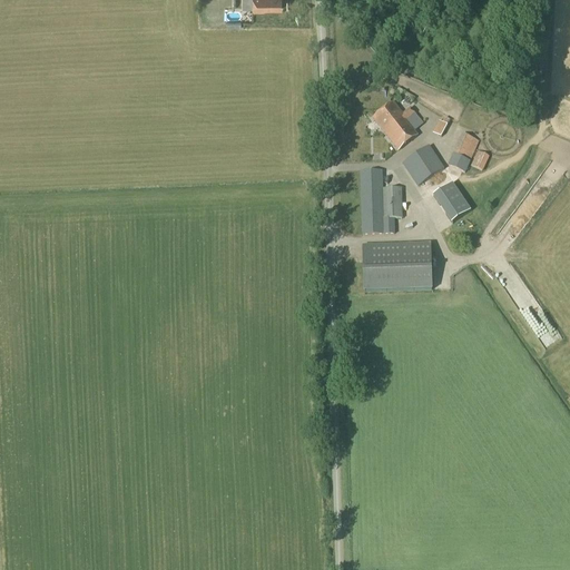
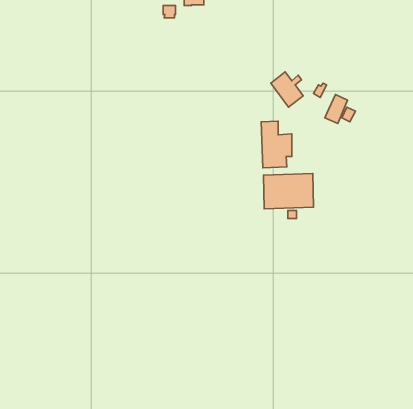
building: [402,142,445,184] -> none
building: [432,181,470,222] -> none

